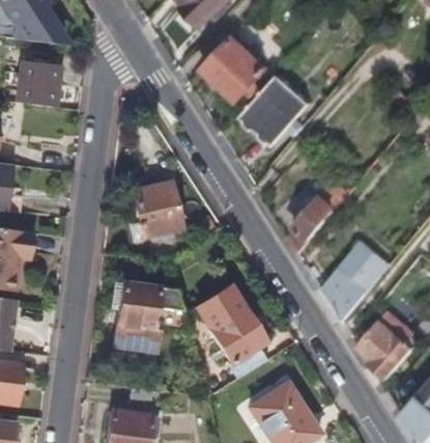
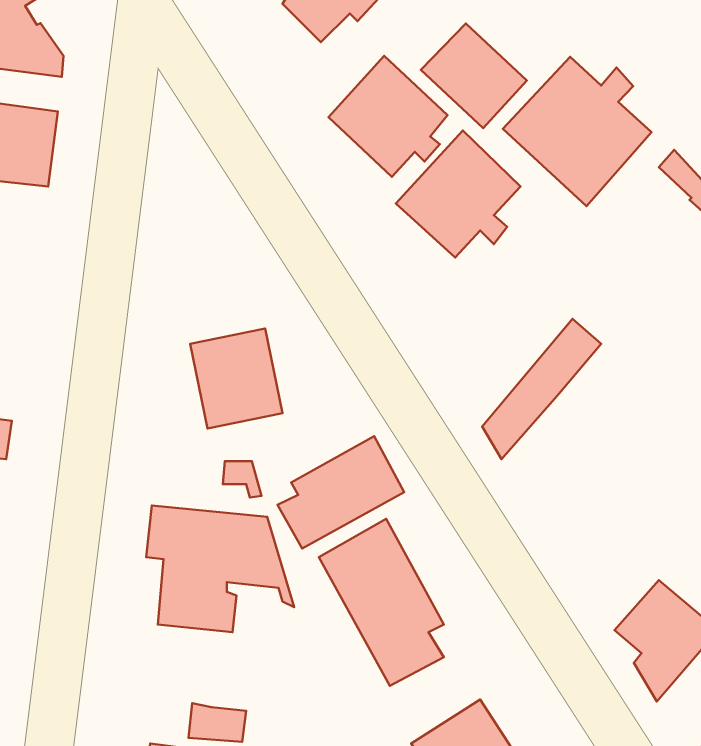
building: none -> [421,24,527,128]
building: none -> [503,57,651,206]
building: none -> [277,436,404,548]
building: [320,241,390,322] -> none

